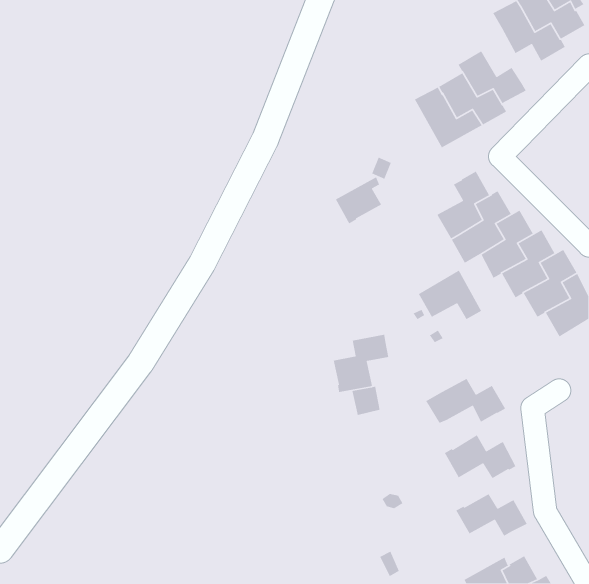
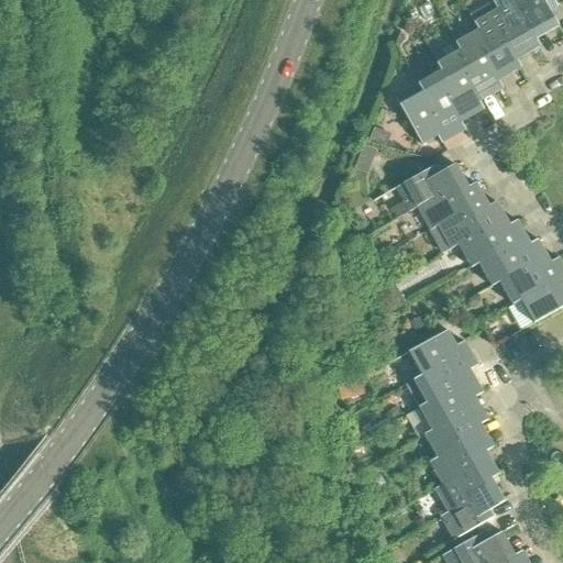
building: none -> [454,27,521,79]
building: [335,176,382,225] -> [396,164,441,210]
building: [418,270,482,320] -> [408,328,470,376]
building: [333,334,389,393] -> none
building: none -> [419,388,488,430]
building: none -> [429,443,498,485]
building: none -> [440,497,493,539]

